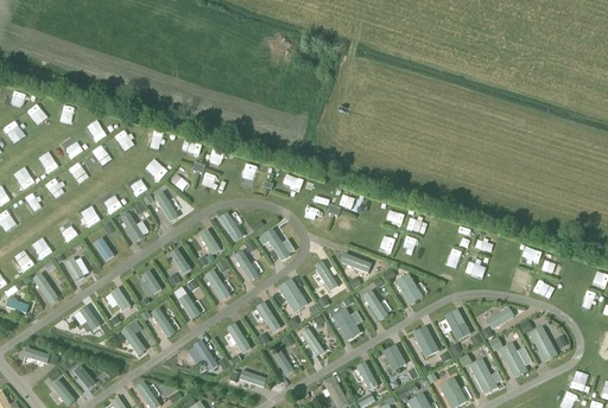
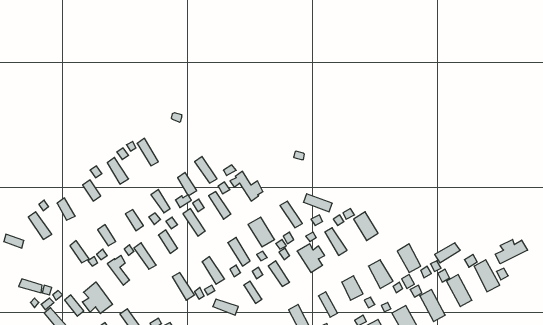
building: none -> [495,239,528,264]
building: none -> [82,282,113,314]

